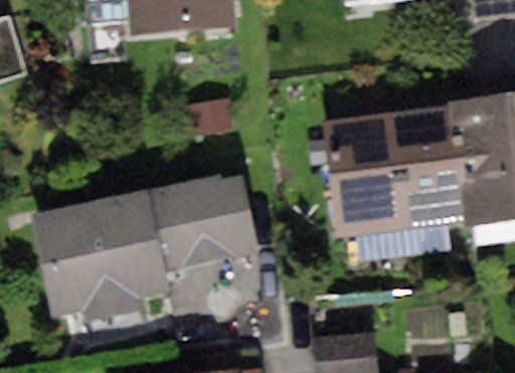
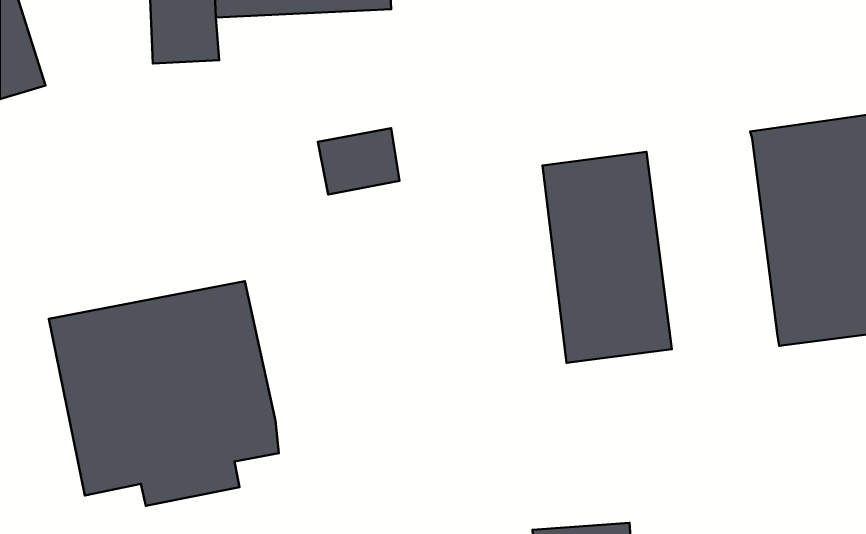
building: [384,106,462,230] -> none
building: [147,175,256,272] -> none

